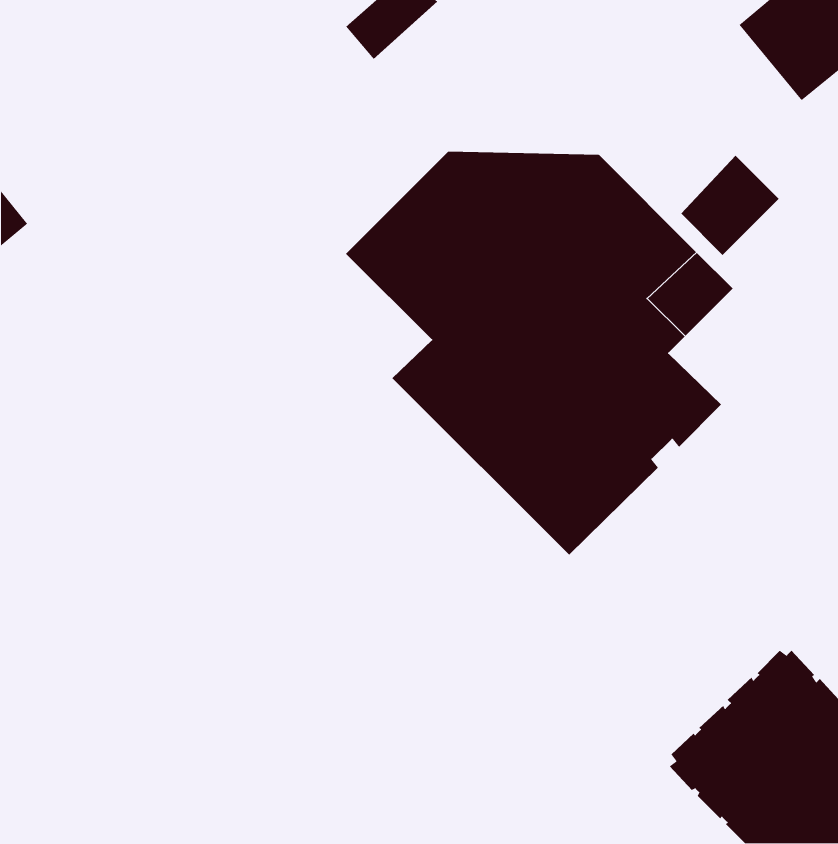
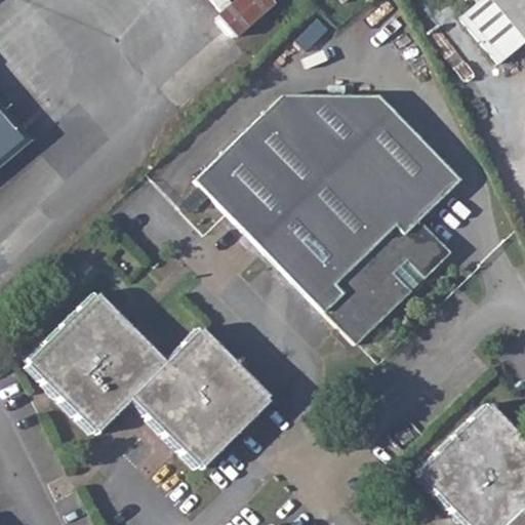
building: [681,155,779,256] -> none
building: none -> [196,157,273,234]
building: none -> [27,292,272,469]

